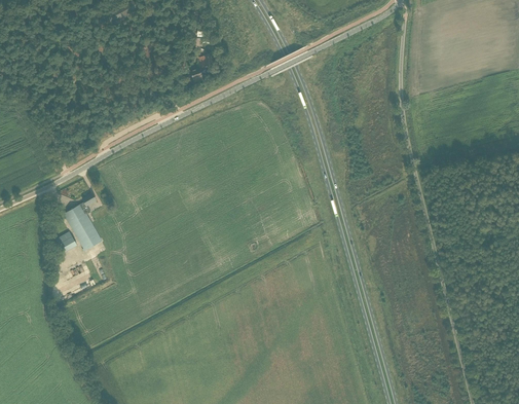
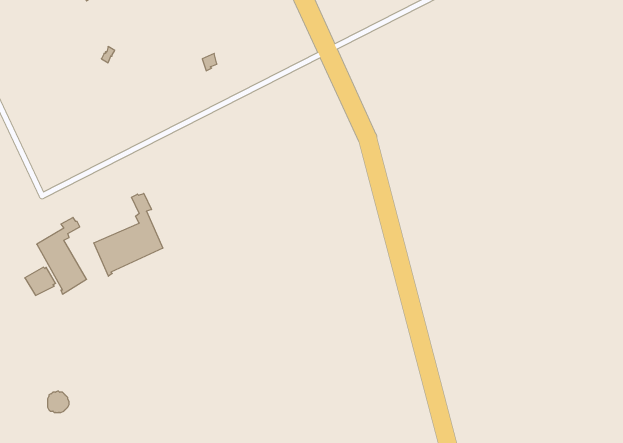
building: none -> [94,193,163,276]

